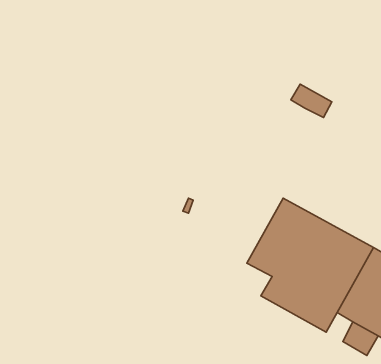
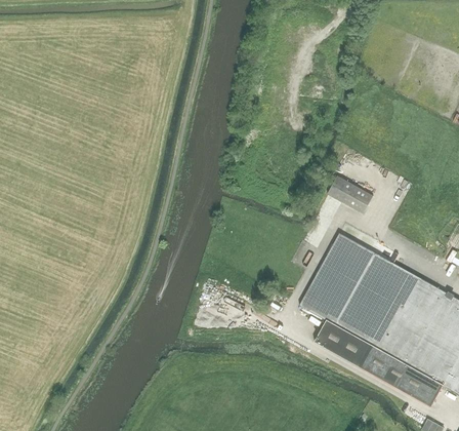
building: [291,84,332,118] -> [327,175,372,212]
building: none -> [385,359,415,391]

